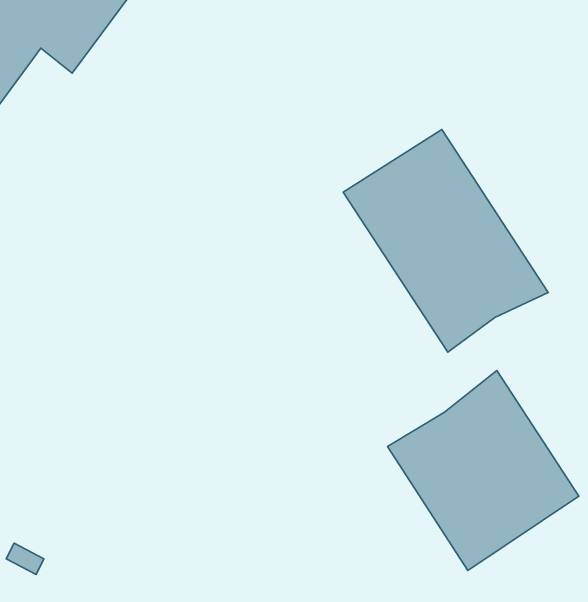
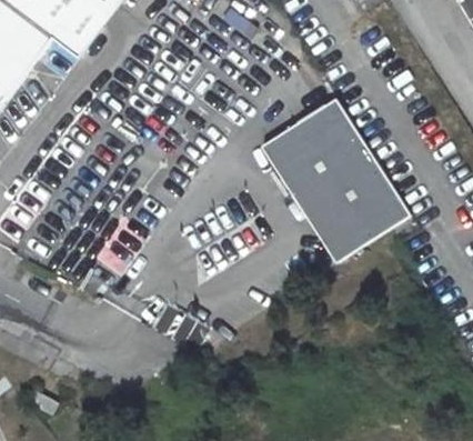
building: [387,370,579,570] -> none

